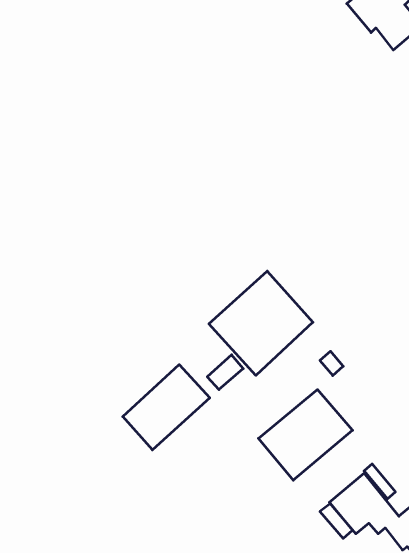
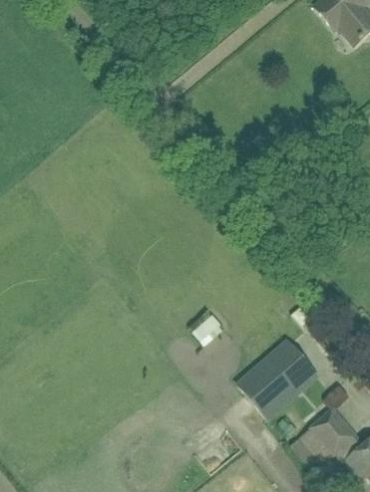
building: [209,271,313,375] -> none
building: [123,365,210,450] -> none

